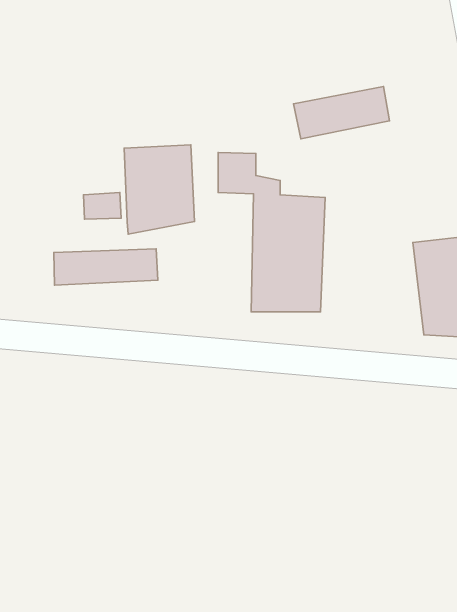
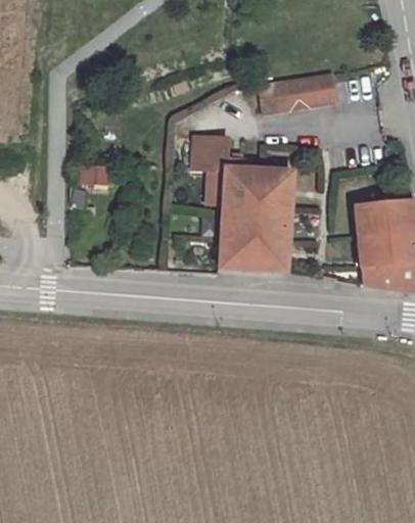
building: [124,145,195,234] -> none
building: [54,249,158,285] -> none

